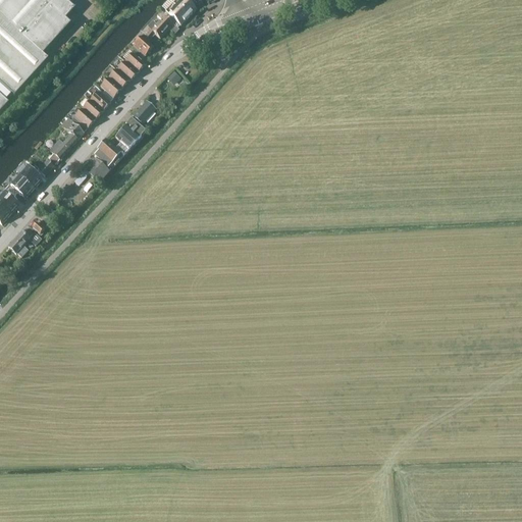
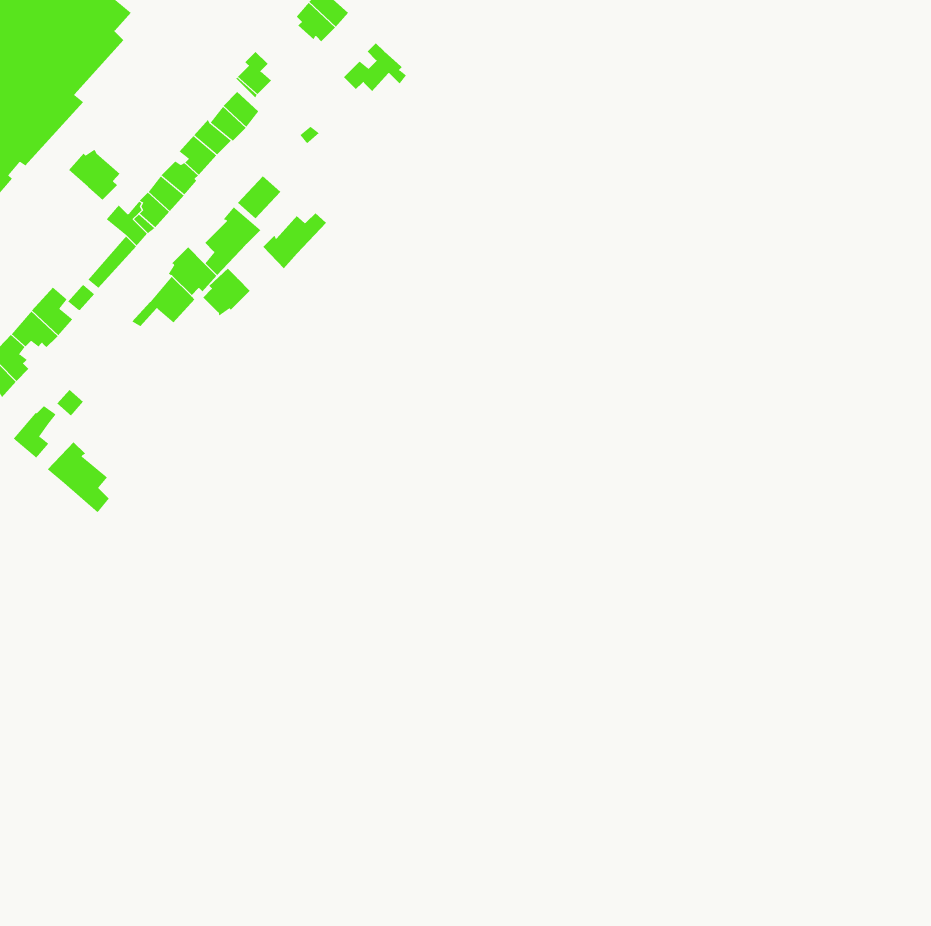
building: [143,9,178,37] -> [343,43,407,92]
building: none -> [68,149,120,200]
building: none -> [262,213,327,269]
building: none -> [202,268,251,316]
building: none -> [47,442,110,513]

